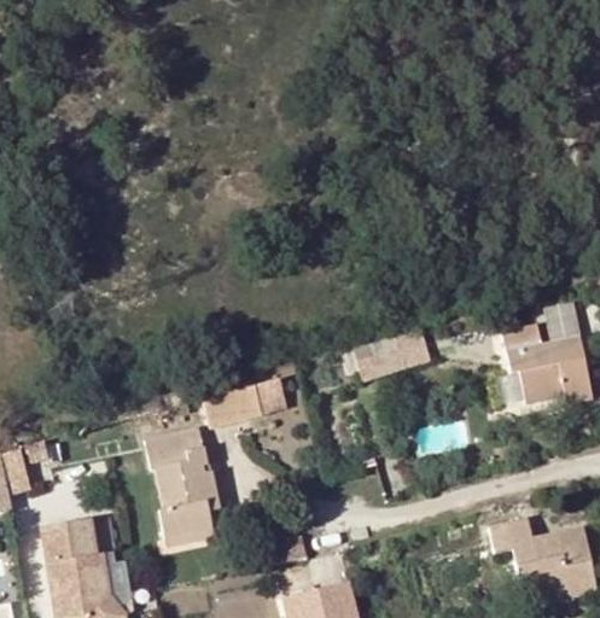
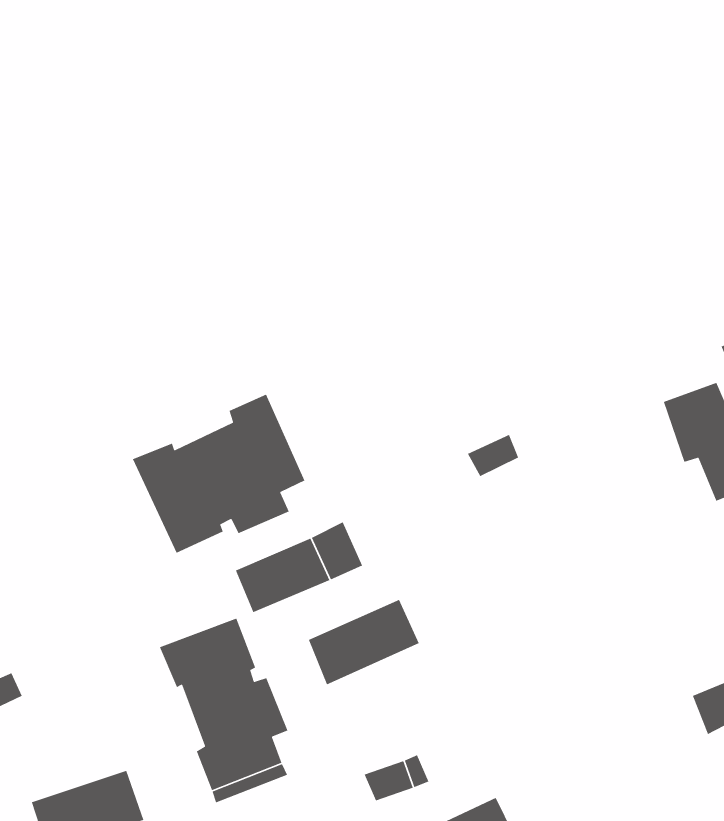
building: none -> [132,393,306,554]
building: none -> [308,599,420,685]

